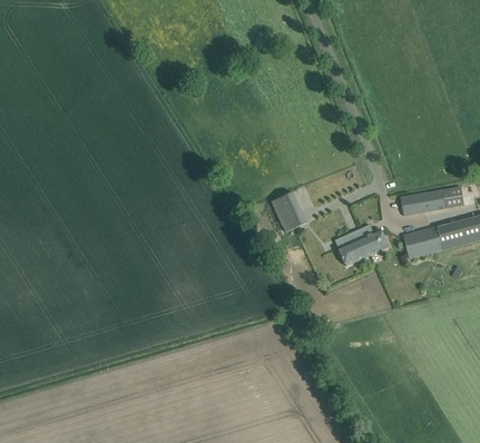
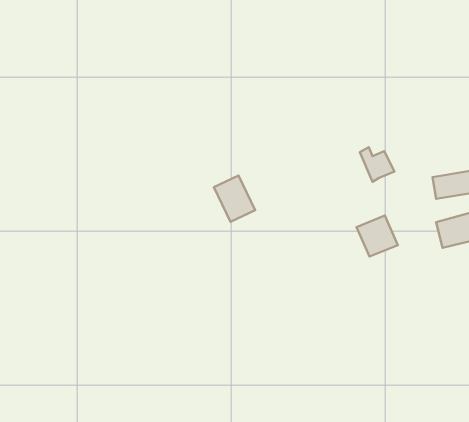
building: [271,190,306,230] -> [214,176,255,222]
building: [360,225,390,255] -> [360,147,394,182]

